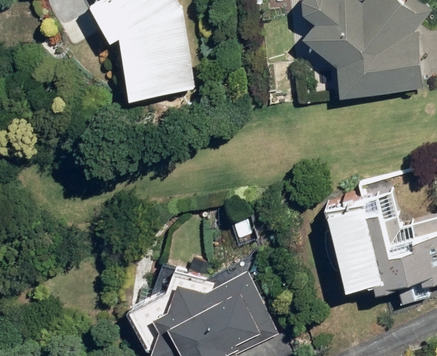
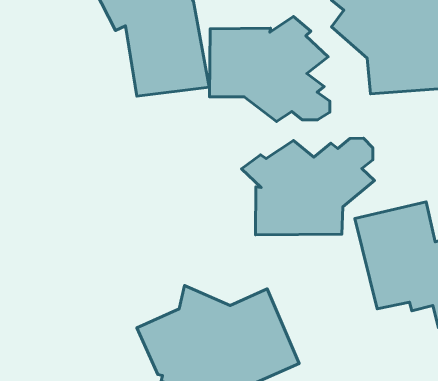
building: none -> [210,16,330,122]
building: none -> [241,138,375,235]

